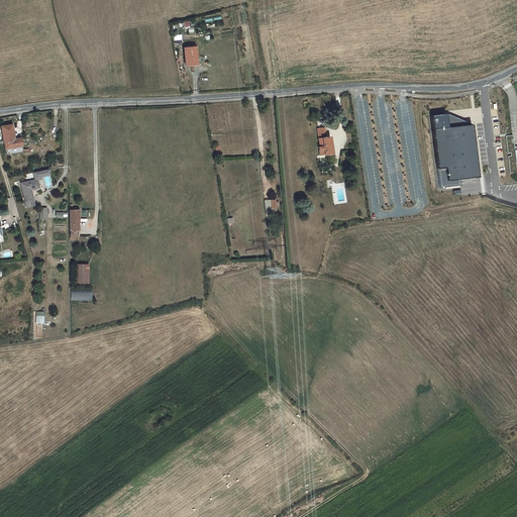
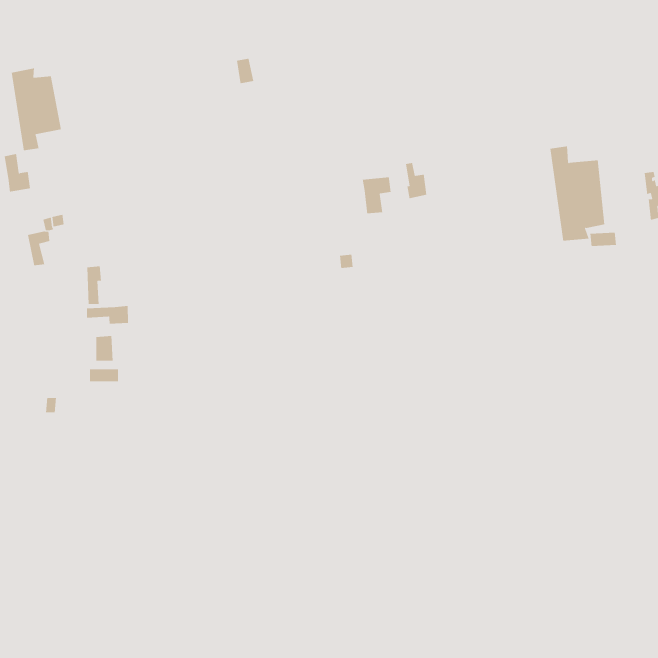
building: none -> [11,68,62,151]
building: none -> [362,176,391,214]
building: none -> [86,305,129,325]

